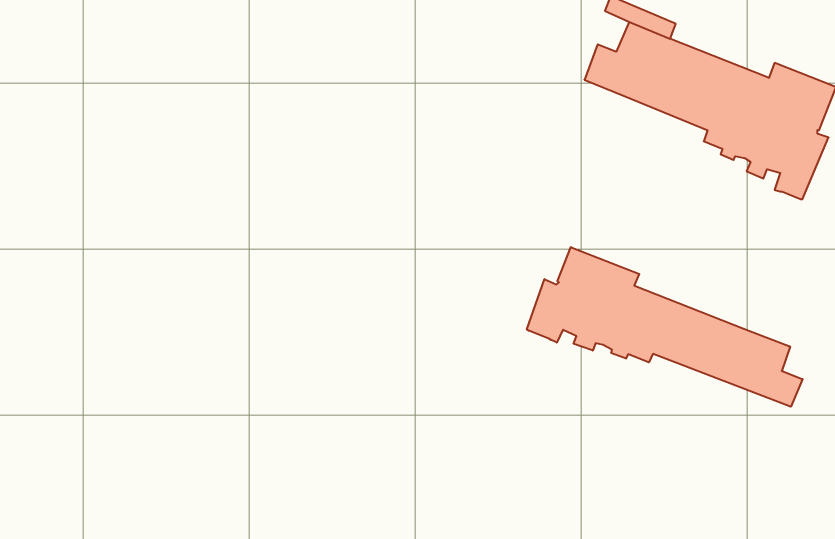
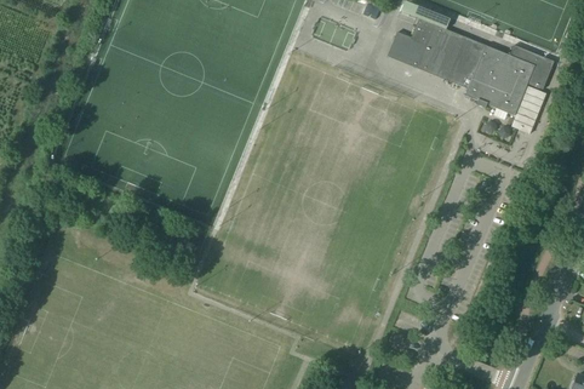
building: [527,247,803,407] -> none

